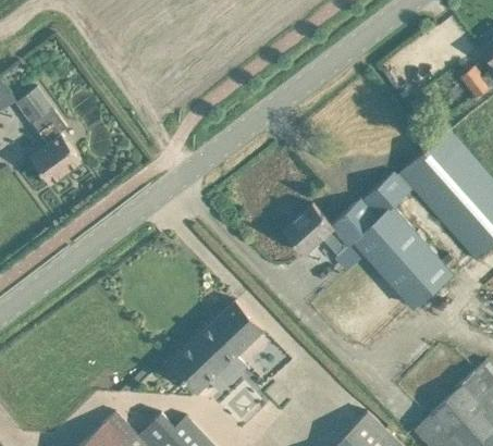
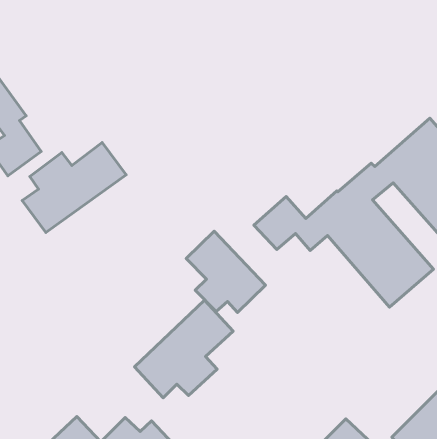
building: none -> [22,143,126,232]
building: none -> [186,231,266,313]

